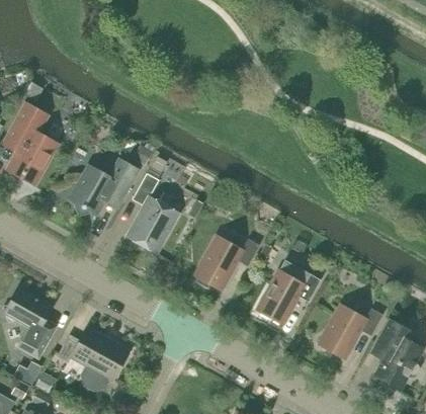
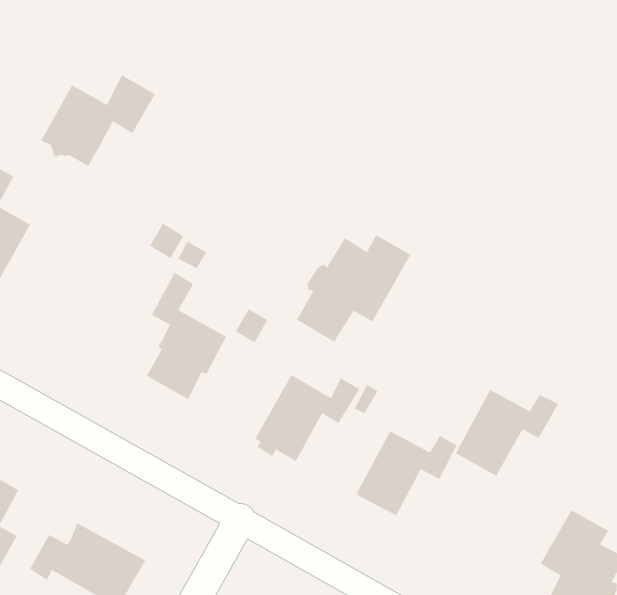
building: none -> [296,234,411,342]
building: [68,158,139,215] -> [41,75,156,167]
building: [319,305,382,358] -> [455,389,559,476]

